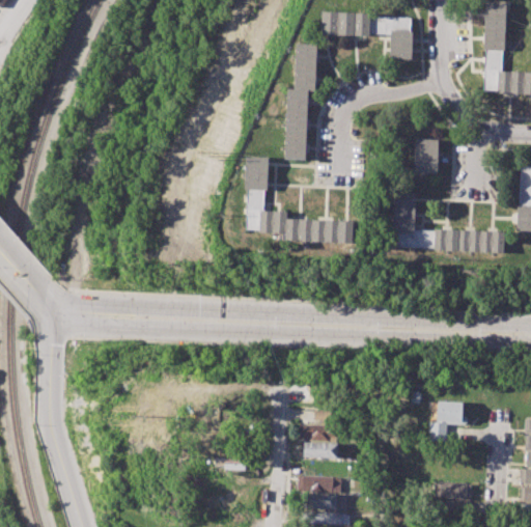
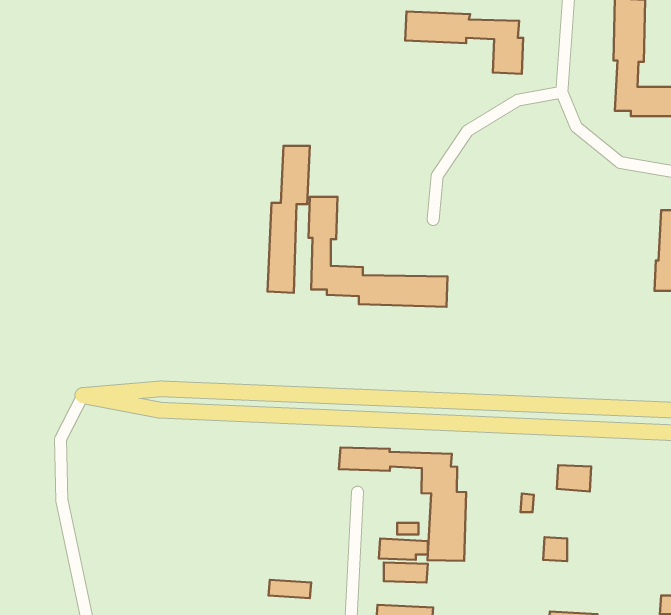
building: [285,45,318,160] -> [267,146,310,293]
building: [415,139,439,173] -> none
building: [394,192,505,254] -> none
building: none -> [339,447,466,561]
building: [438,401,465,422] -> [557,465,591,492]

